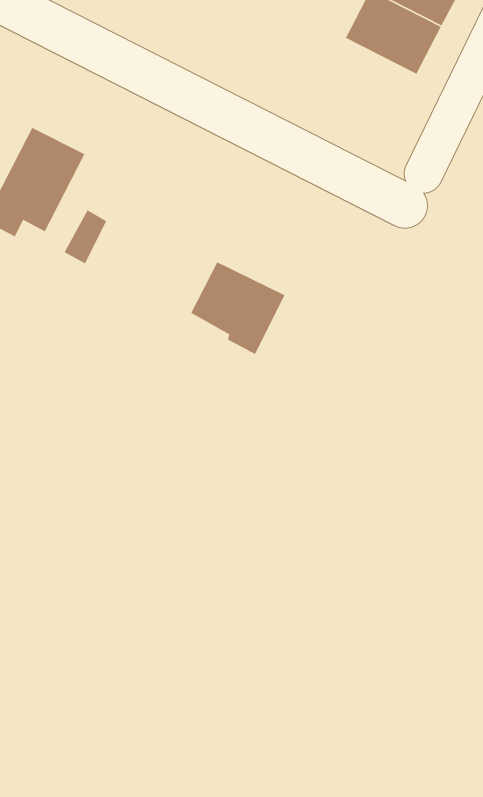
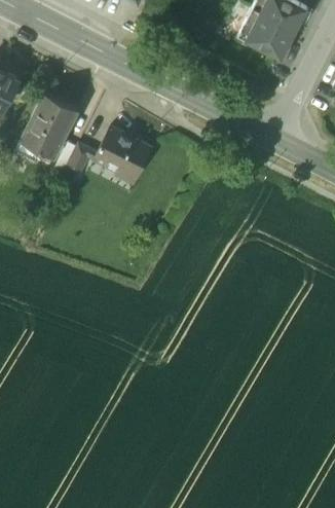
building: [190,261,286,355] -> [94,126,152,184]

